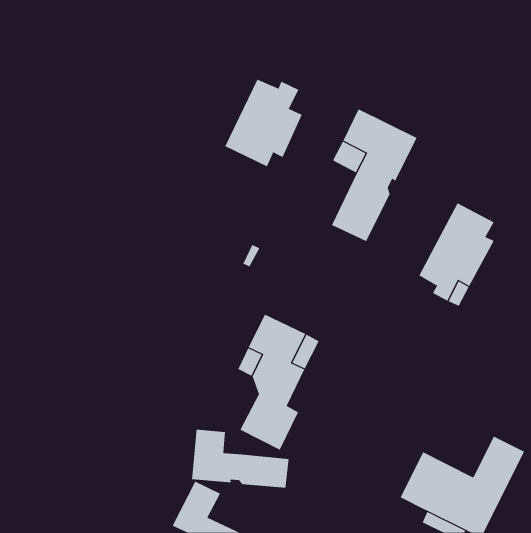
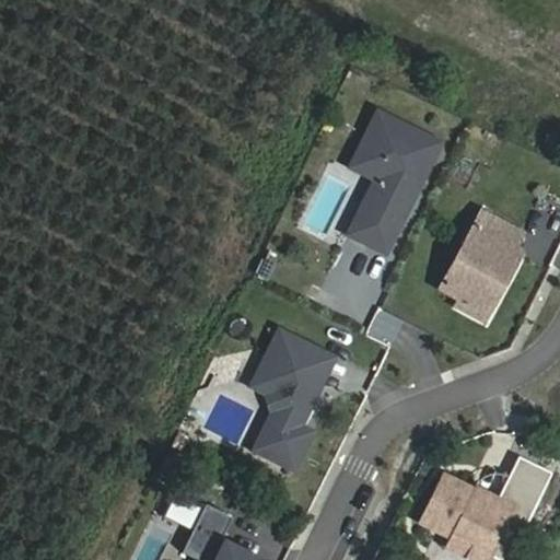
building: [225,79,303,167] -> none
building: [191,429,289,489] -> none

